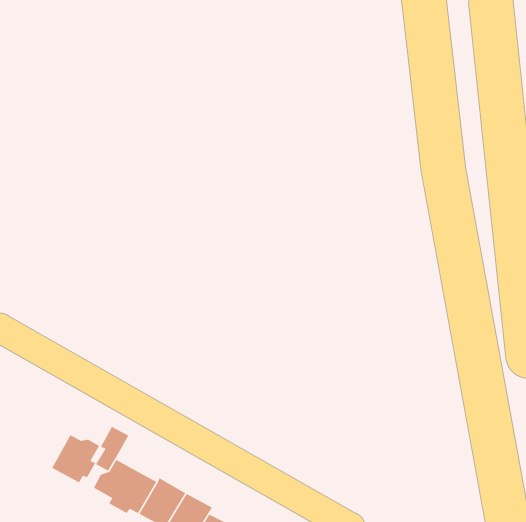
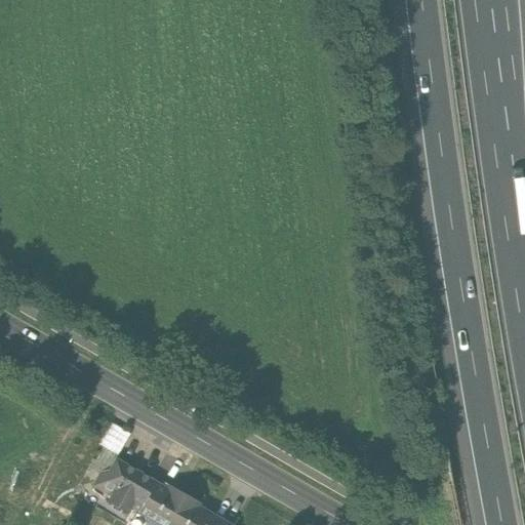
building: [51,435,100,483] -> none

